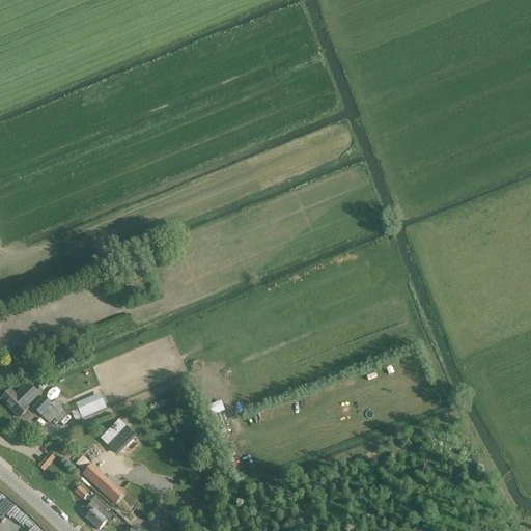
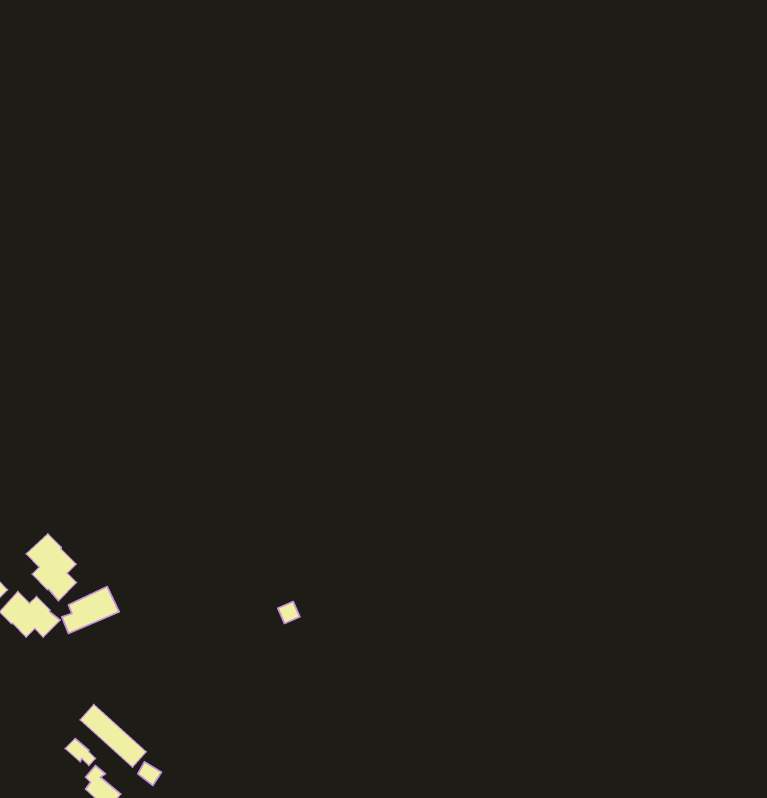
building: none -> [26,534,77,601]
building: [102,419,134,451] -> none

